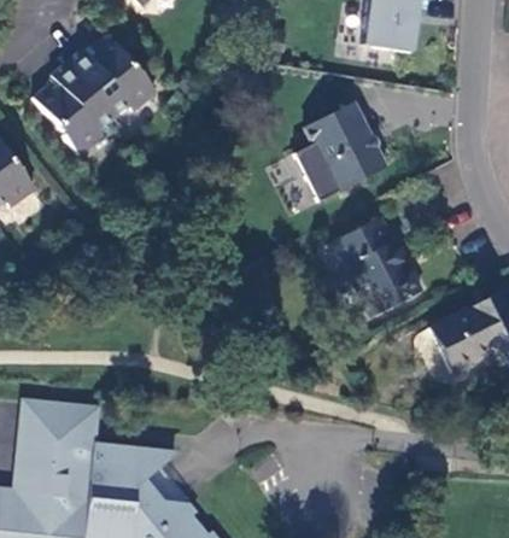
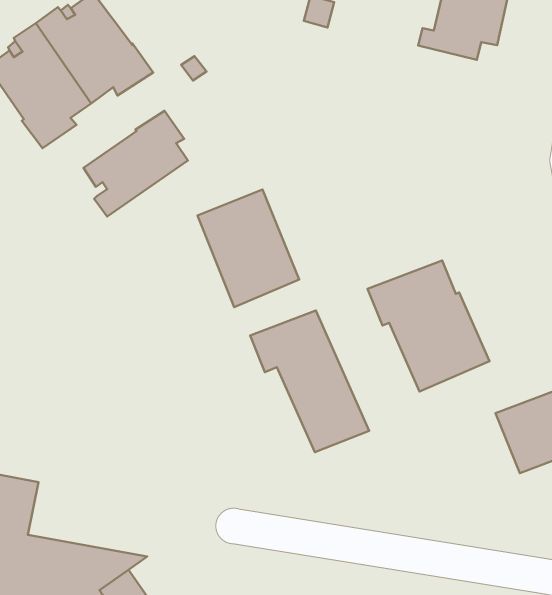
building: [304,103,384,192] -> [198,190,299,307]
building: none -> [83,111,188,216]
building: none -> [250,310,369,452]

